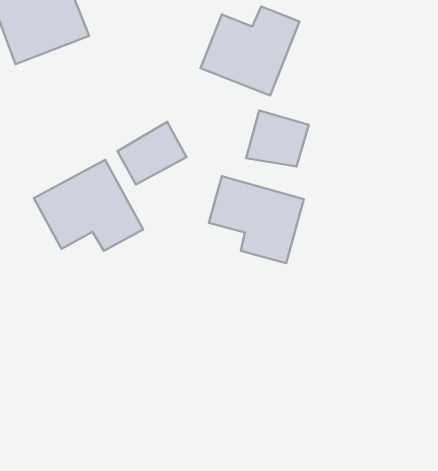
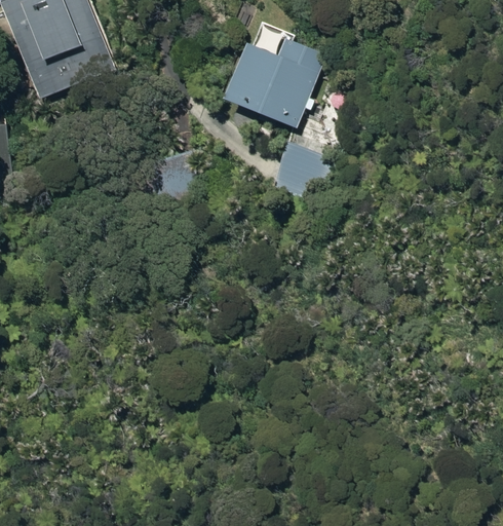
building: [34,160,143,251] -> none
building: [209,176,304,263] -> none

